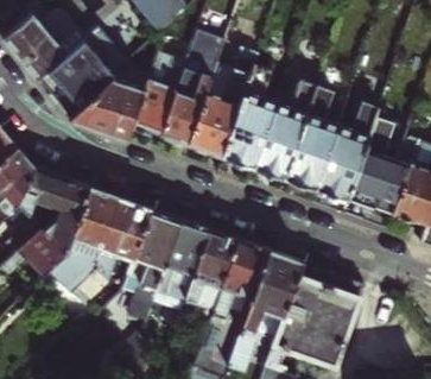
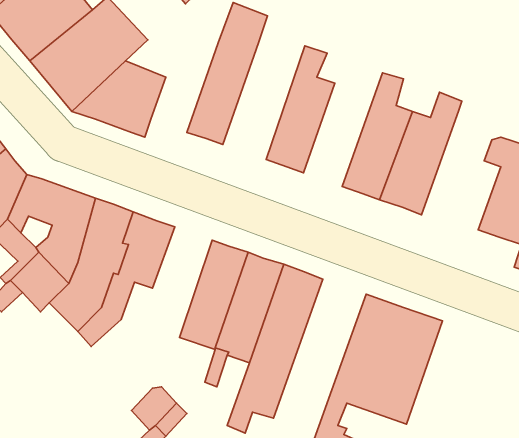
building: [189,46,259,156] -> none
building: [132,53,185,134] -> none
building: [253,81,316,177] -> none
building: [347,116,410,211] -> none
building: [123,209,180,320] -> none
building: [229,251,303,368] -> none

